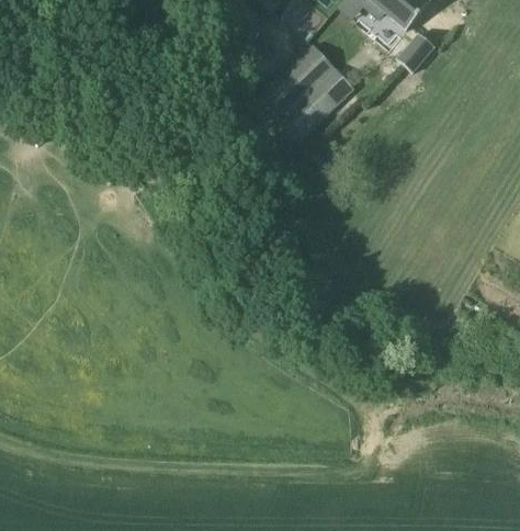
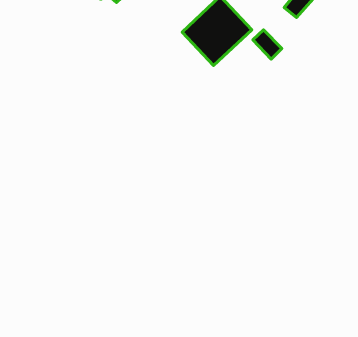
building: none -> [253,30,282,59]

